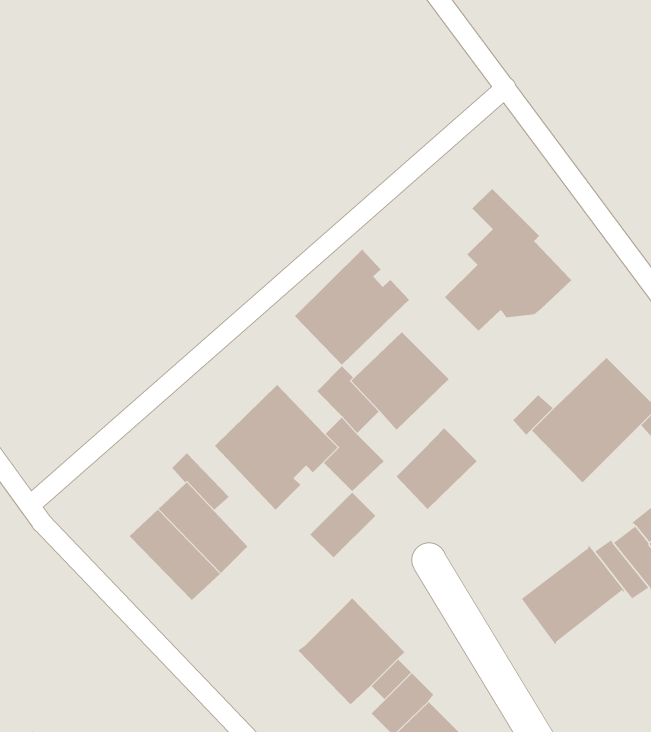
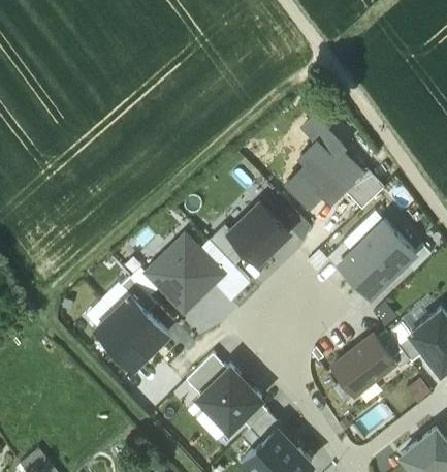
building: [294,249,410,366] -> none
building: none -> [345,170,383,211]
building: [396,428,478,510] -> none
building: [310,492,376,558] -> [187,356,227,397]

